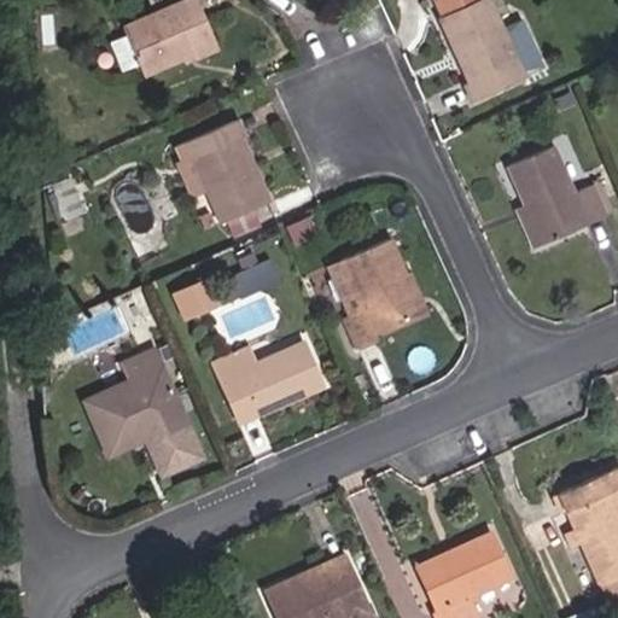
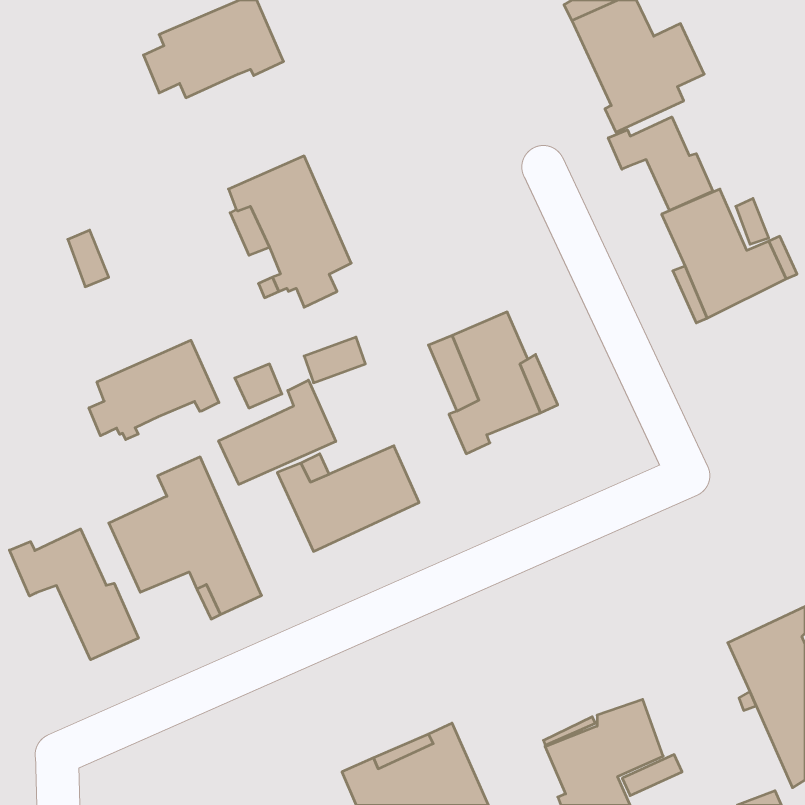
building: none -> [608,117,713,211]
building: none -> [89,340,219,440]
building: none -> [219,380,336,484]
building: none -> [9,529,138,660]

